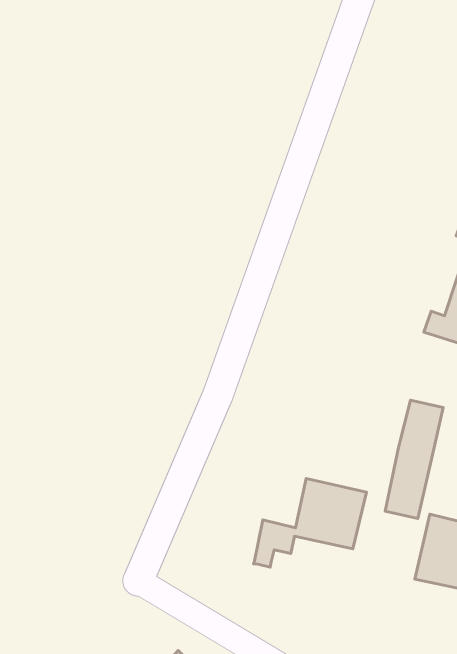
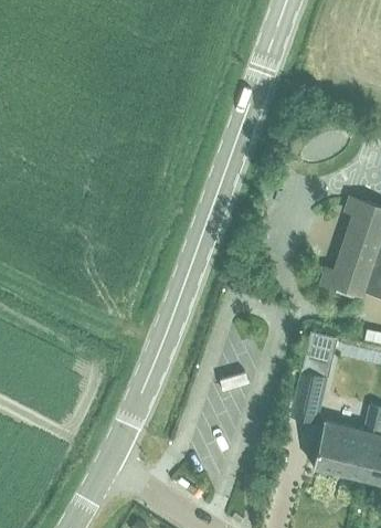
building: [254,478,367,567] -> none

